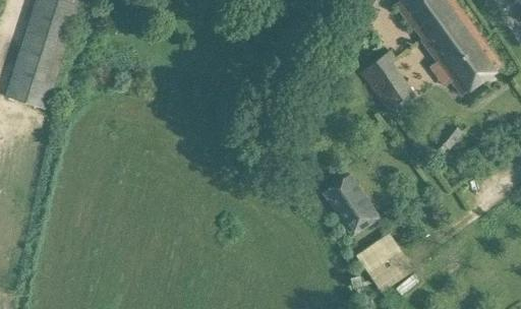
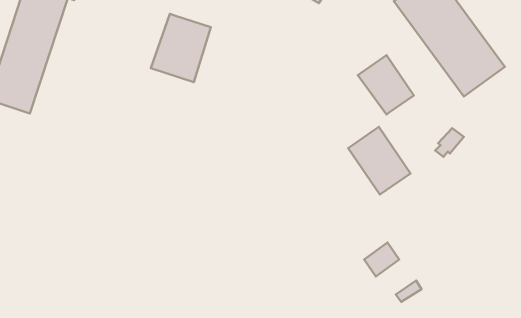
building: none -> [151,14,211,82]
building: [322,174,382,239] -> [348,127,411,195]

